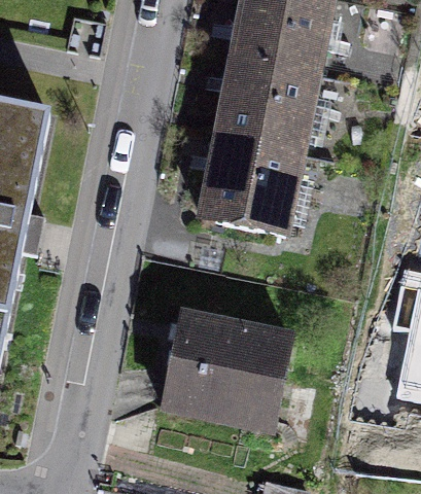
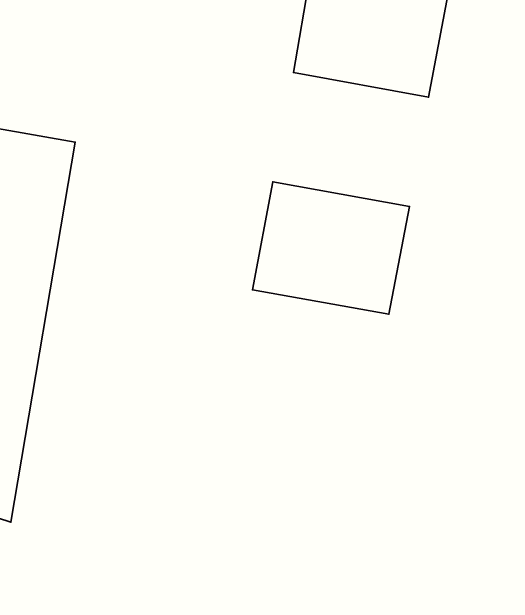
building: [206,56,323,156] -> none
building: [152,332,260,435] -> none

